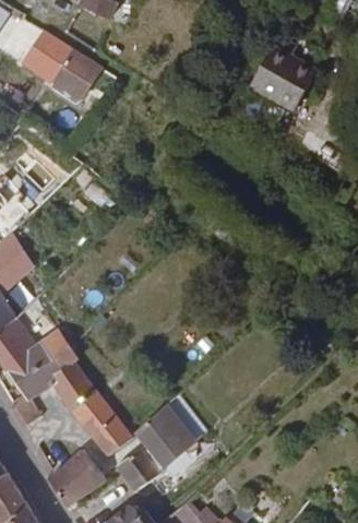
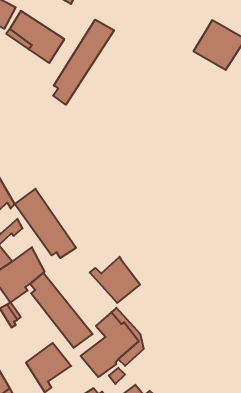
building: none -> [53,20,114,105]
building: none -> [15,189,76,258]
building: none -> [90,257,140,303]

